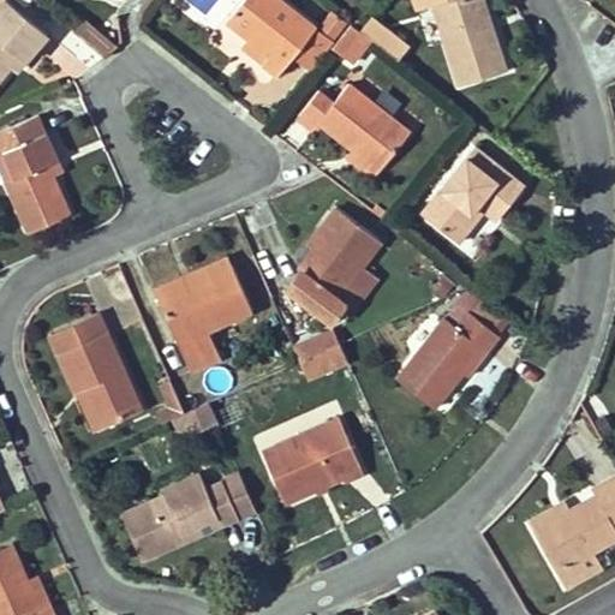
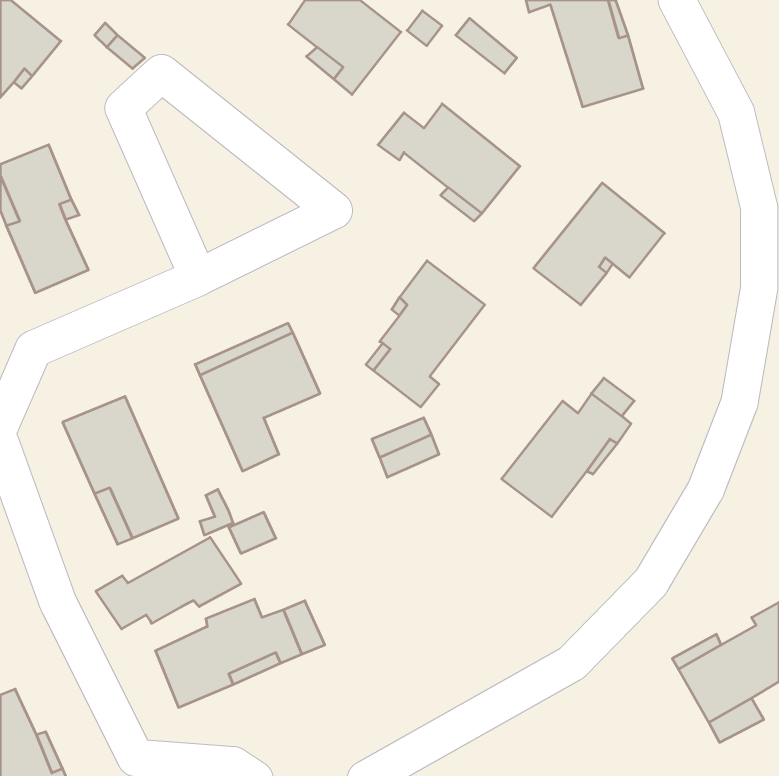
building: [262,420,360,502] -> none
building: none -> [96,537,241,629]

